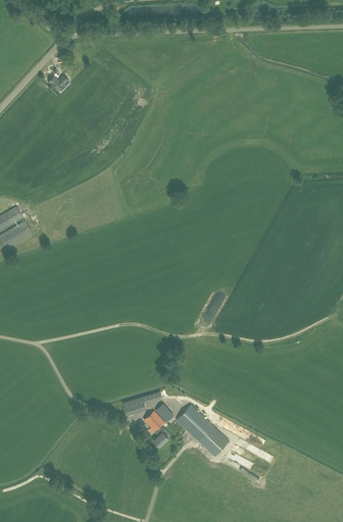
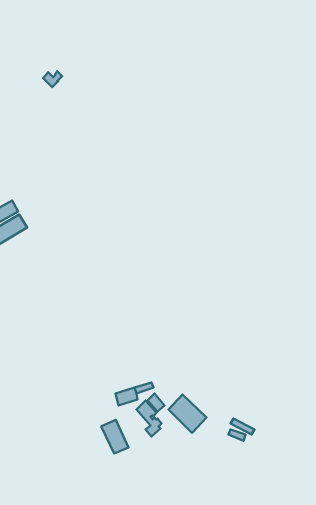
building: [199,427,228,456] -> none
building: none -> [101,420,128,454]

